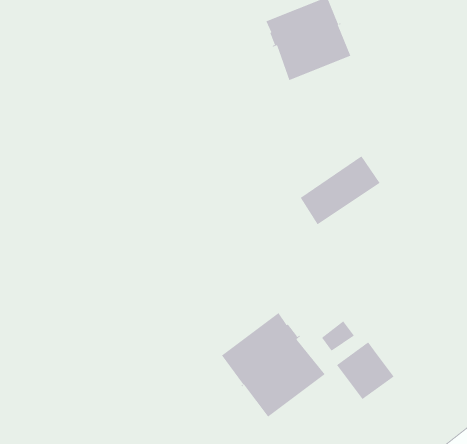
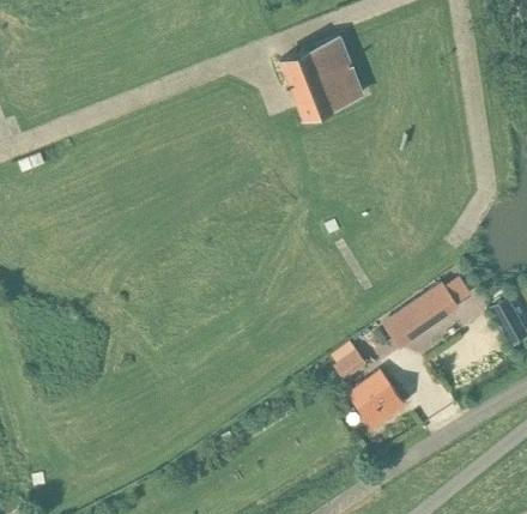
building: [300,156,380,225] -> [382,283,460,350]
building: [221,312,326,418] -> none

